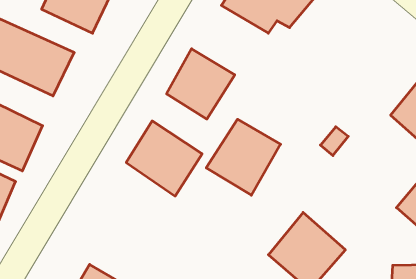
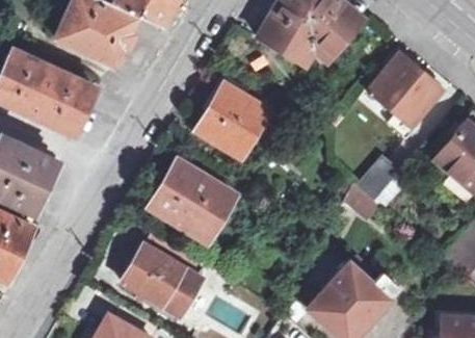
building: none -> [370,53,440,124]
building: [206,119,281,195] -> none
building: none -> [124,245,204,316]

